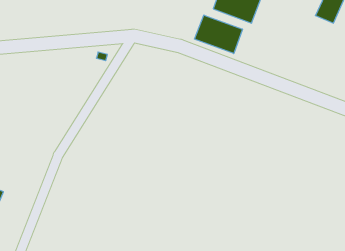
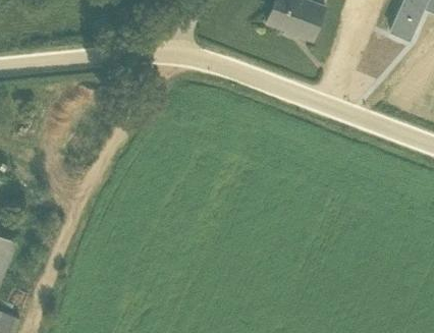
building: [195,15,242,54] -> none

